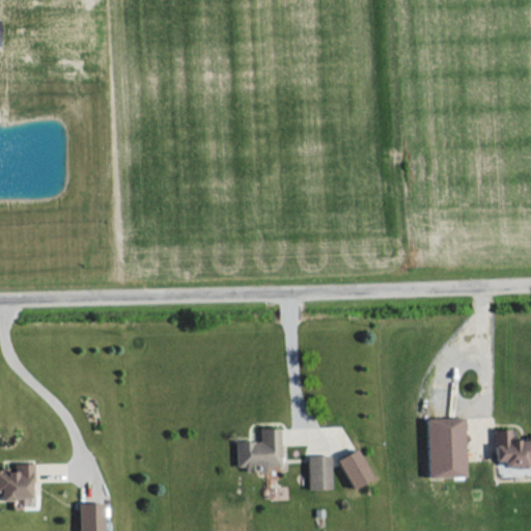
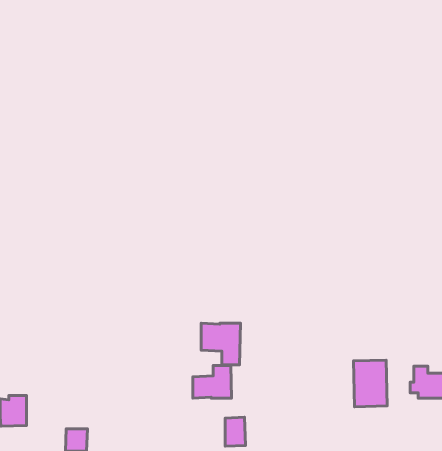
building: none -> [201,323,240,365]
building: [337,450,371,488] -> none
building: [309,456,333,491] -> [225,417,245,446]

